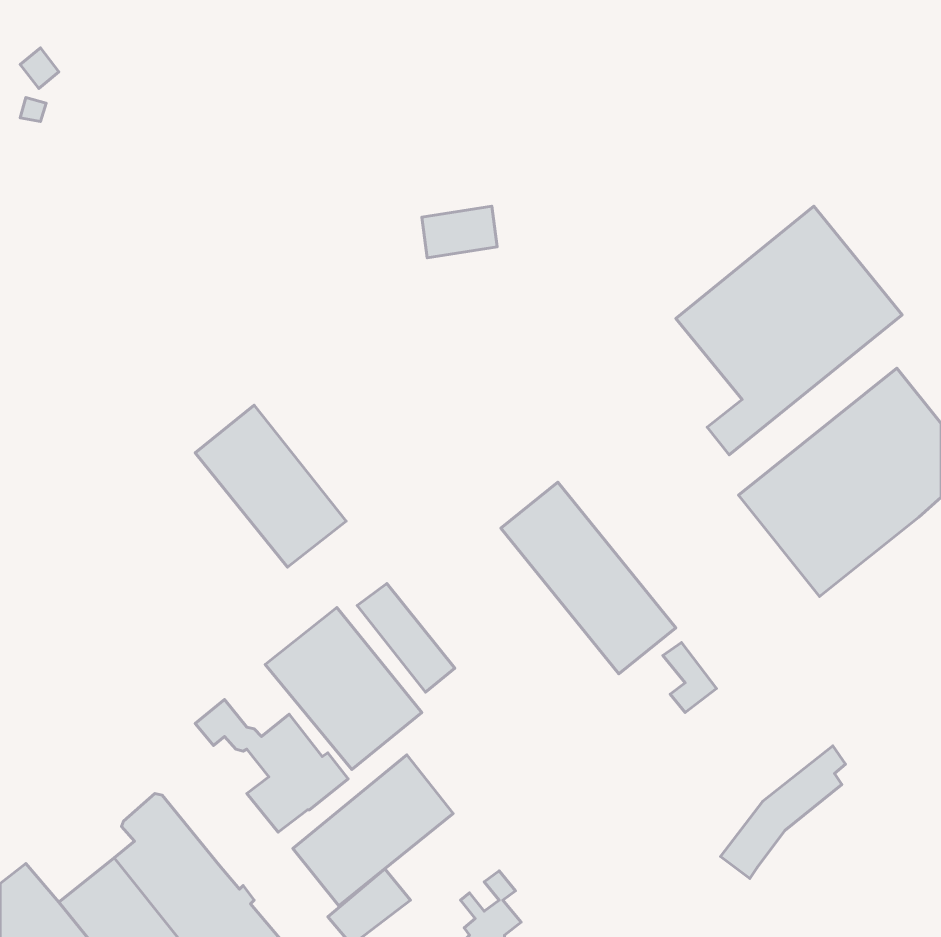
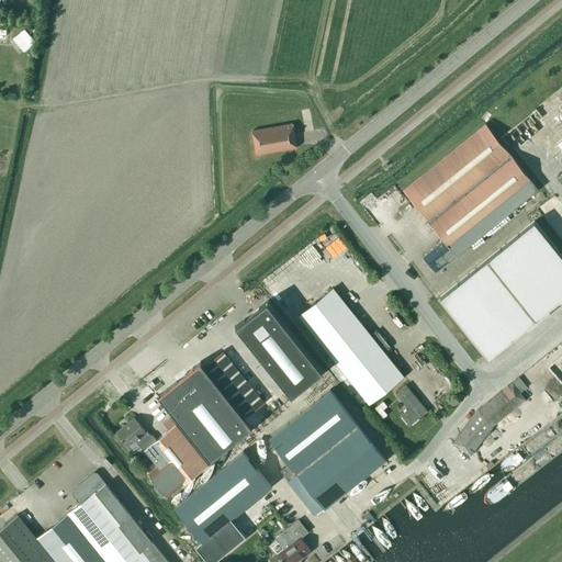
building: [195,405,346,567] -> [234,301,324,397]
building: none -> [270,392,384,517]
building: [720,746,846,878] -> [452,378,527,457]

